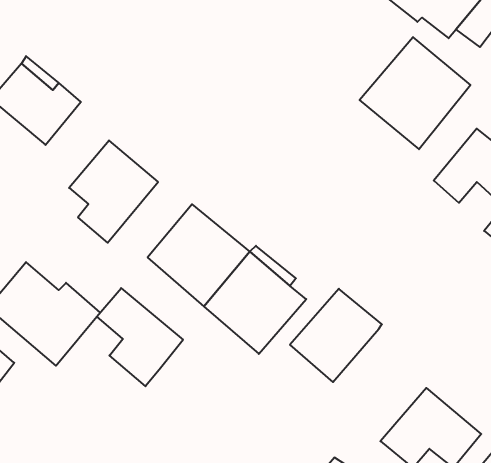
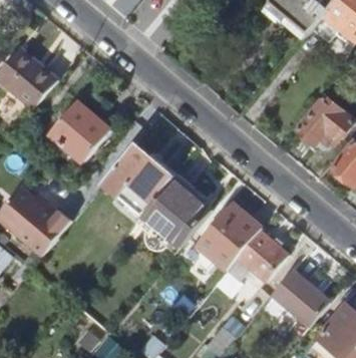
building: [360,37,470,149] -> none
building: [97,288,183,386] -> none
building: none -> [224,232,287,283]

